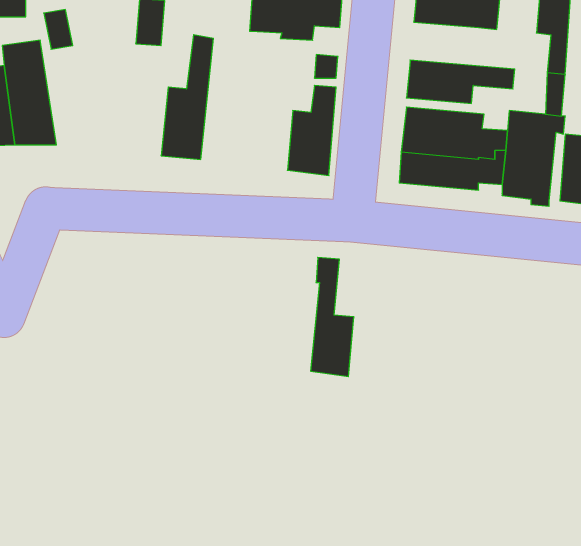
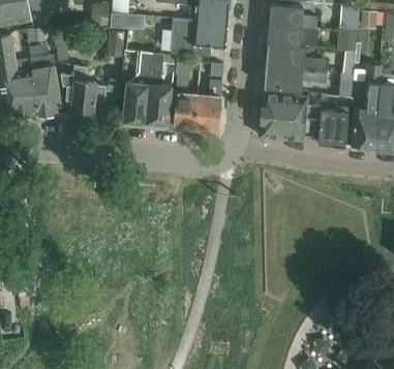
building: none -> [265,44,326,71]
building: none -> [145,54,172,126]
building: none -> [60,65,104,117]
building: [311,257,354,377] -> [173,61,198,129]

